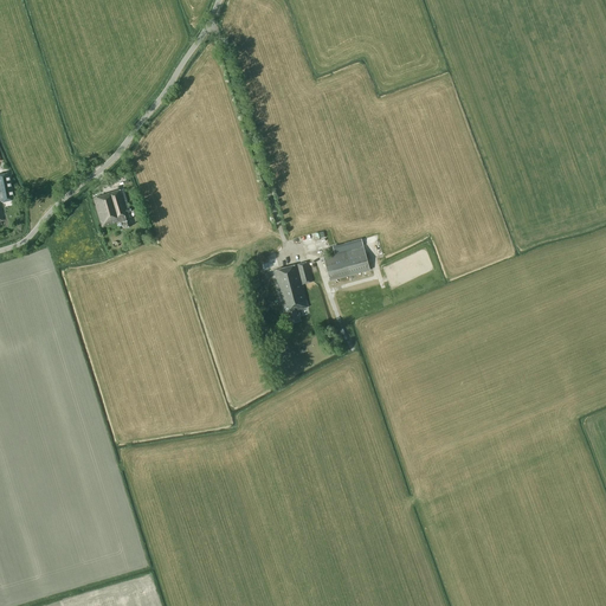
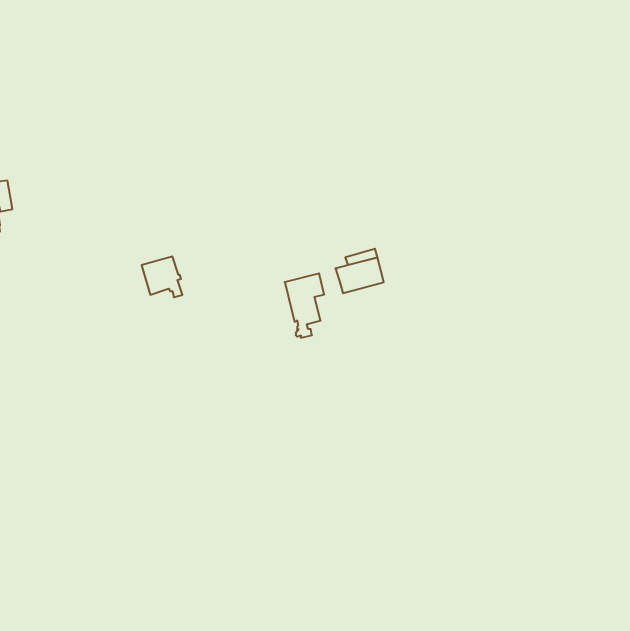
building: [91,191,130,230] -> [142,256,182,297]

